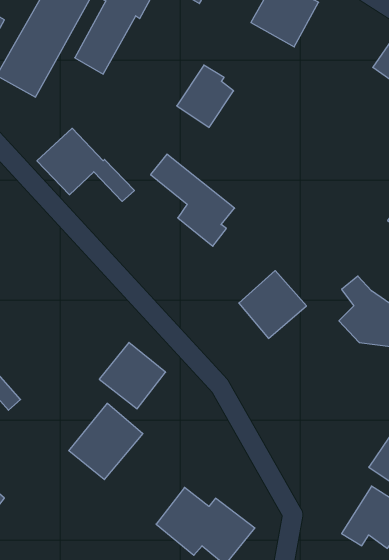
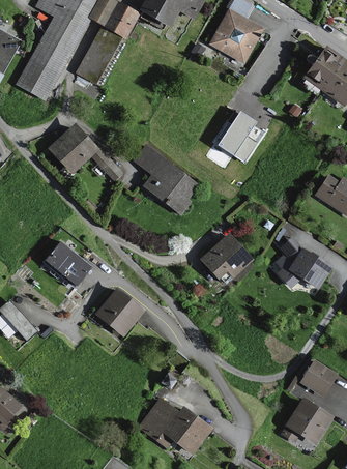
building: [177,65,234,127] -> [220,111,263,158]
building: none -> [44,241,88,285]
building: [69,403,143,480] -> none

